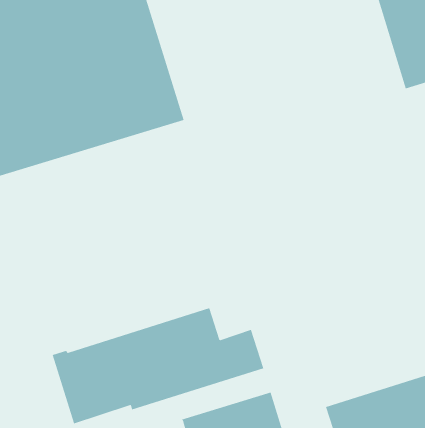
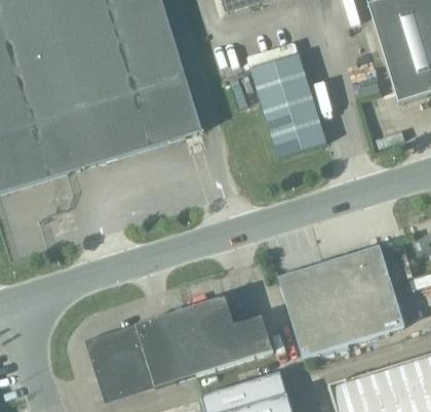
building: none -> [251,54,326,158]
building: none -> [278,246,404,357]

